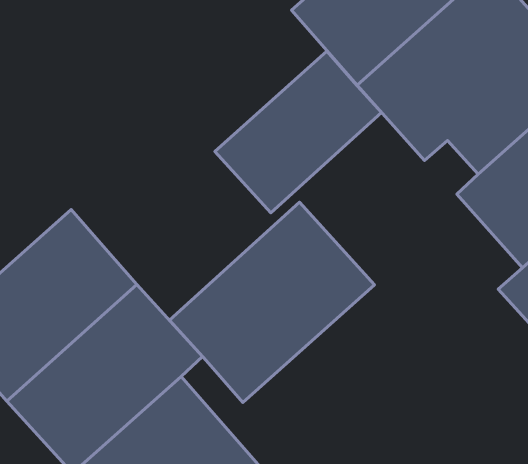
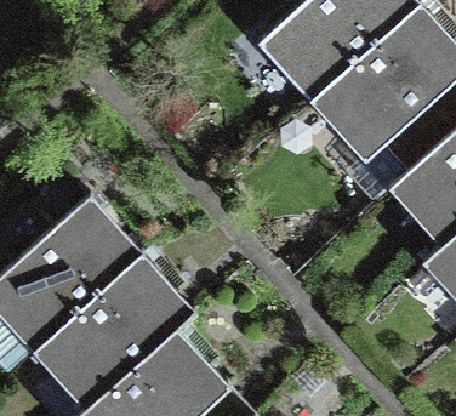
building: [215,51,382,213] -> none
building: [170,202,375,403] -> none

